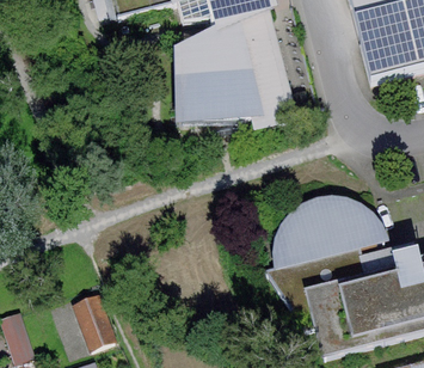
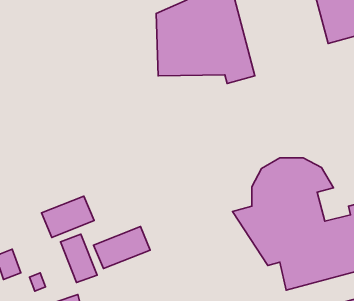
building: none -> [42,196,94,237]
building: none -> [94,227,150,269]

